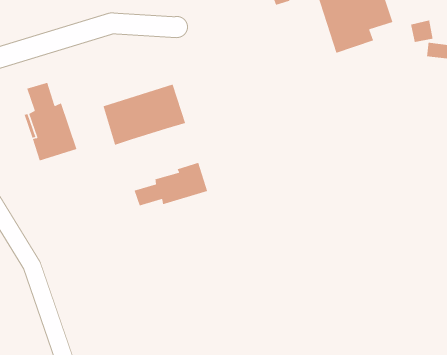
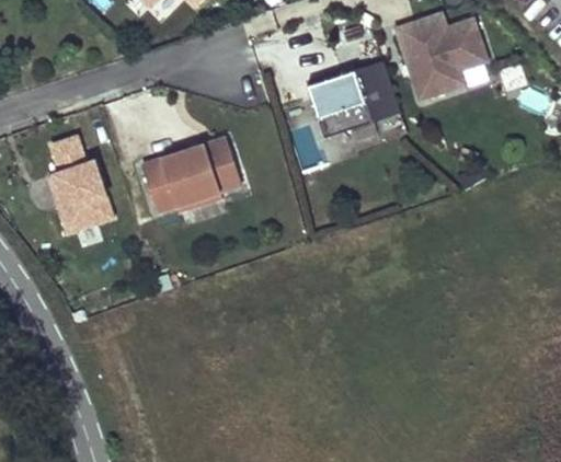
building: none -> [307,61,400,138]
building: [134,162,208,207] -> none

